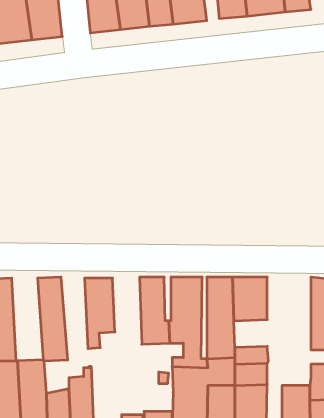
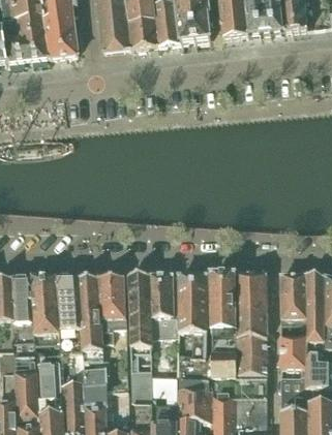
building: none -> [76,273,101,358]
building: none -> [127,273,151,398]
building: none -> [279,273,306,314]
building: none -> [30,274,55,333]
building: none -> [235,312,266,338]
building: none -> [279,335,306,366]

